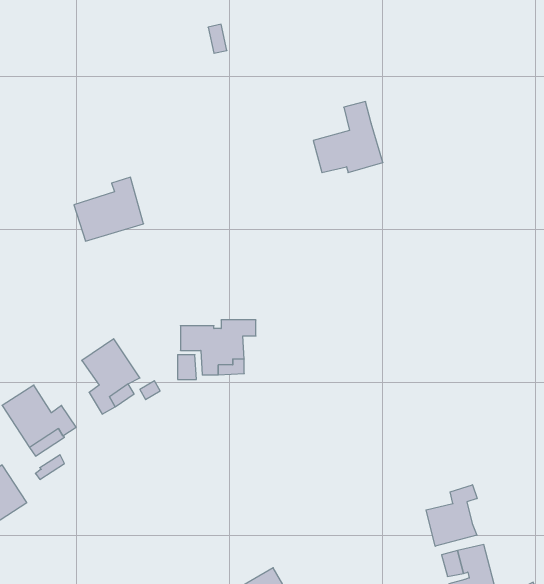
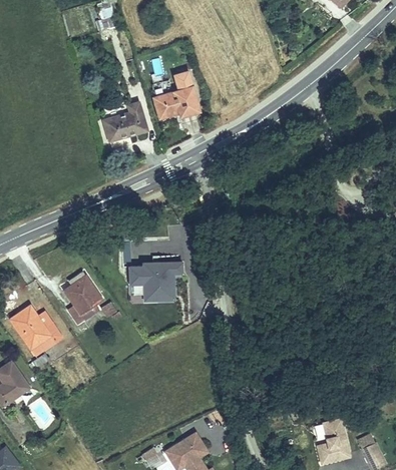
building: [313,102,383,173] -> [153,70,202,119]
building: [74,177,144,241] -> [101,100,149,144]
building: [426,485,477,546] -> none

